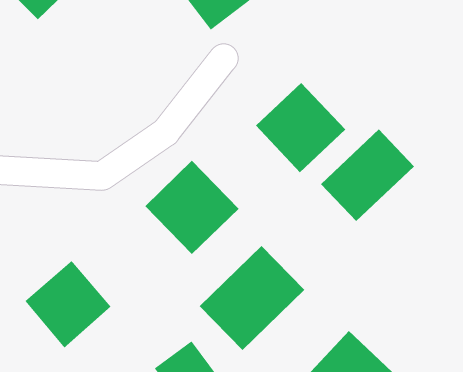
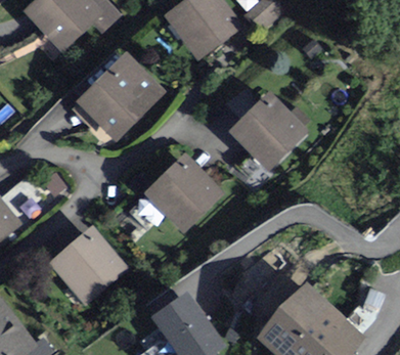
building: none -> [80,56,161,137]
building: [320,129,415,222] -> none
building: [199,245,305,351] -> none

